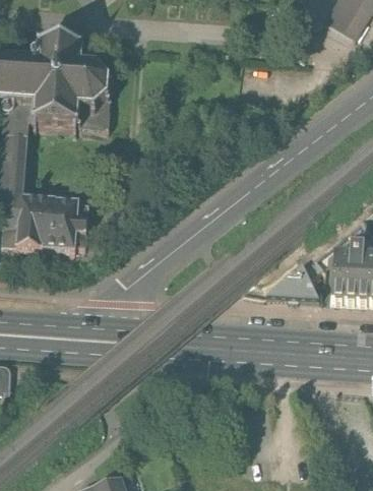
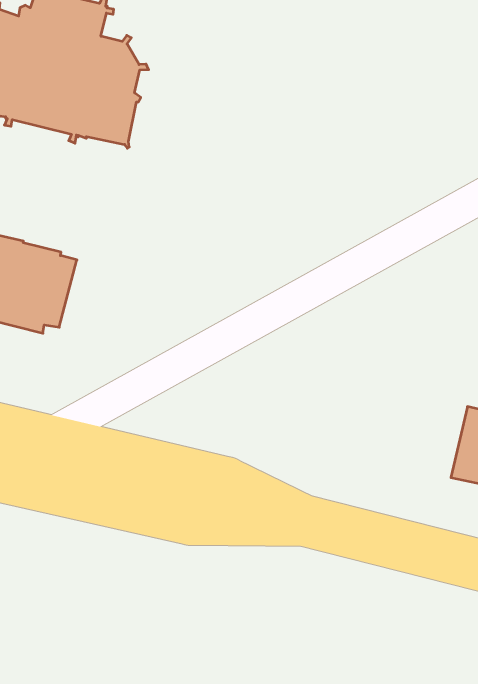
building: [267,260,320,294] -> none

